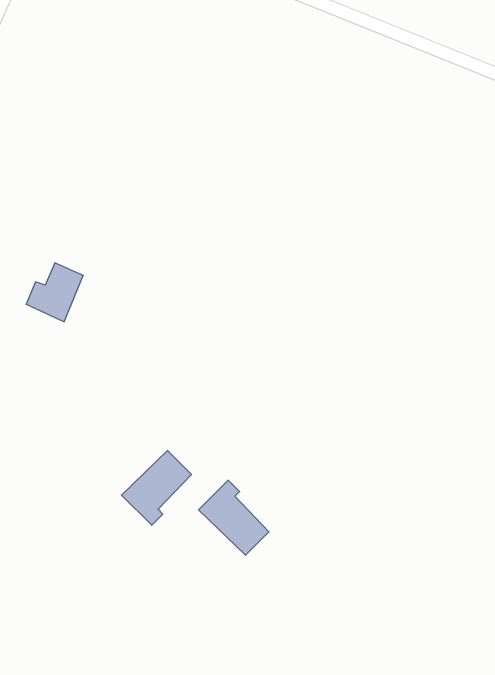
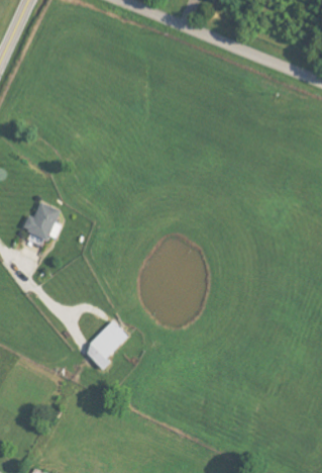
building: [199,480,269,555] -> none

